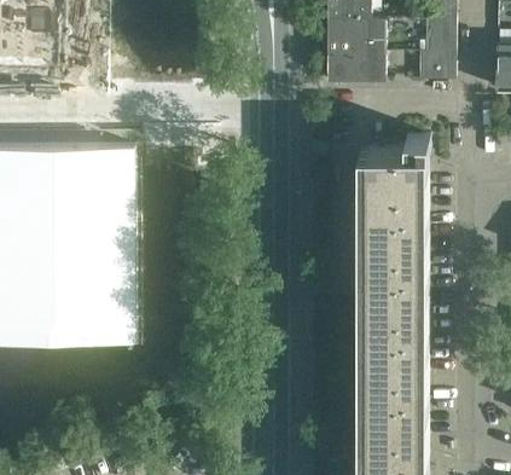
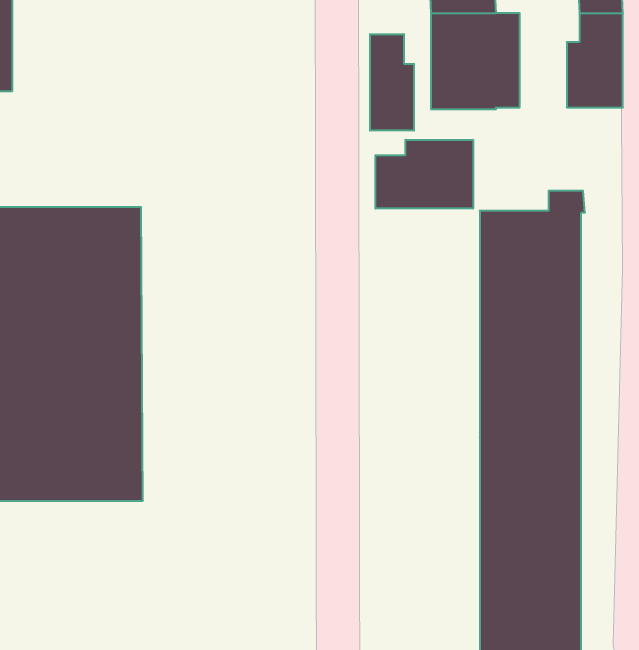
building: none -> [370,34,414,131]
building: none -> [375,140,473,209]

